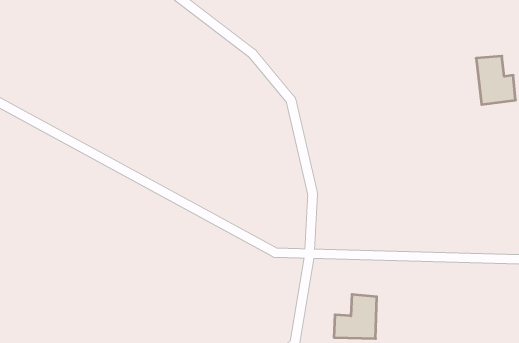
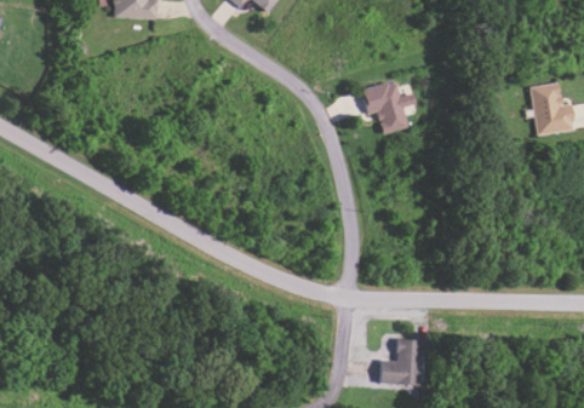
building: none -> [362,80,414,133]

